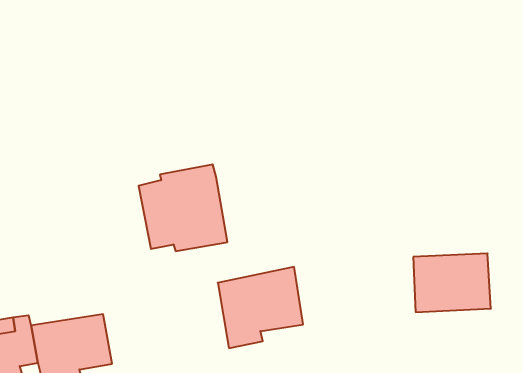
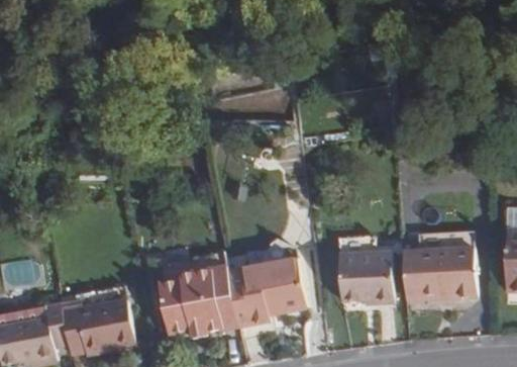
building: [139,164,227,251] -> [158,260,237,338]
building: none -> [340,247,392,304]

